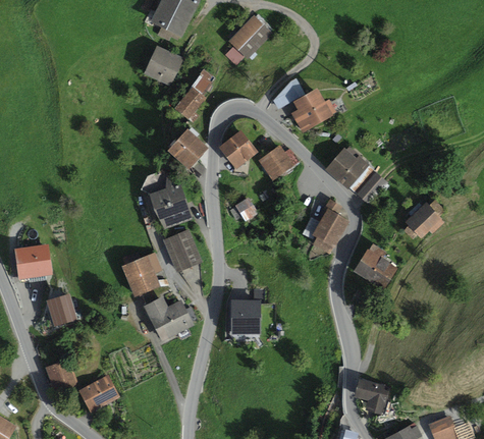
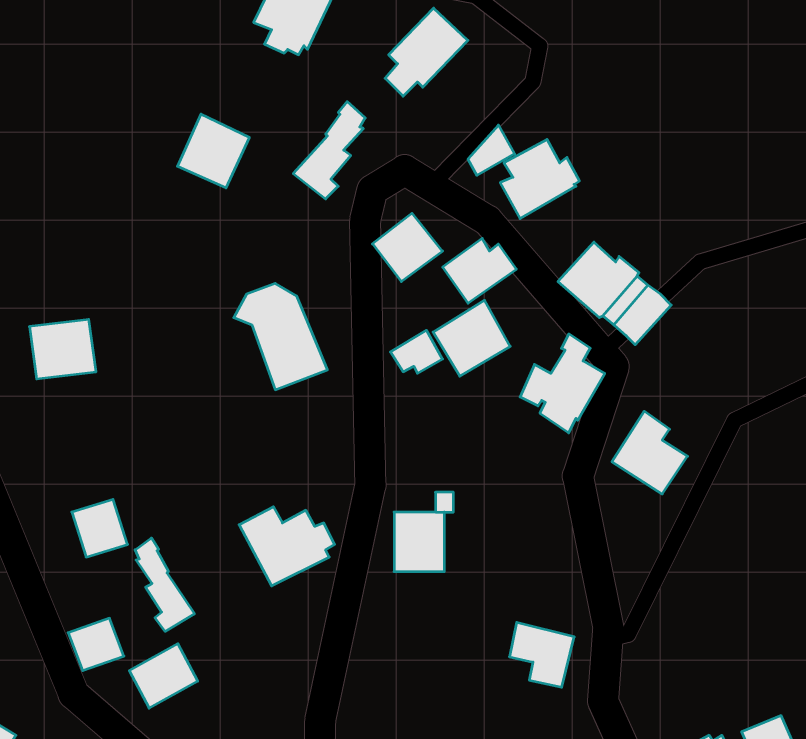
building: [143,45,183,87] -> [177,114,249,188]
building: [167,128,208,170] -> none
building: none -> [433,300,510,376]
building: [402,200,444,239] -> none
building: [162,229,202,273] -> none
building: [14,245,52,279] -> [29,319,96,379]
building: [120,253,161,297] -> none
building: none -> [135,538,194,631]
building: [354,378,390,415] -> [509,622,574,687]

